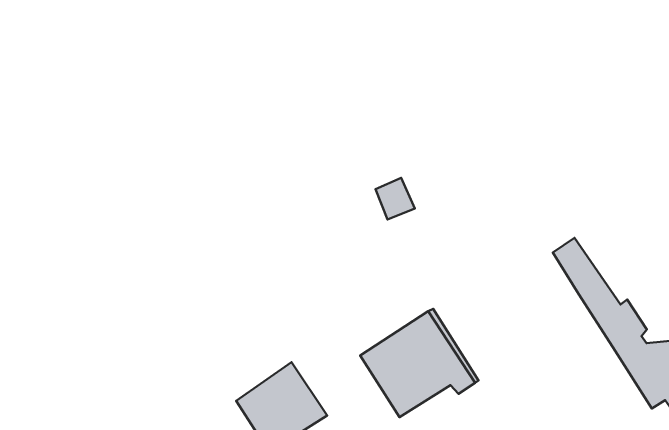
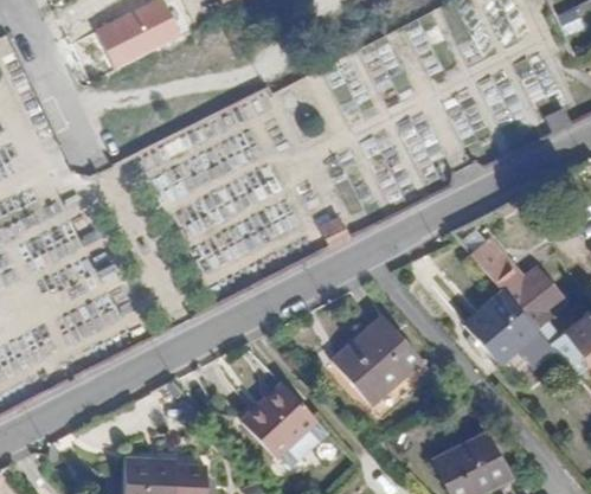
building: none -> [458,288,532,361]

